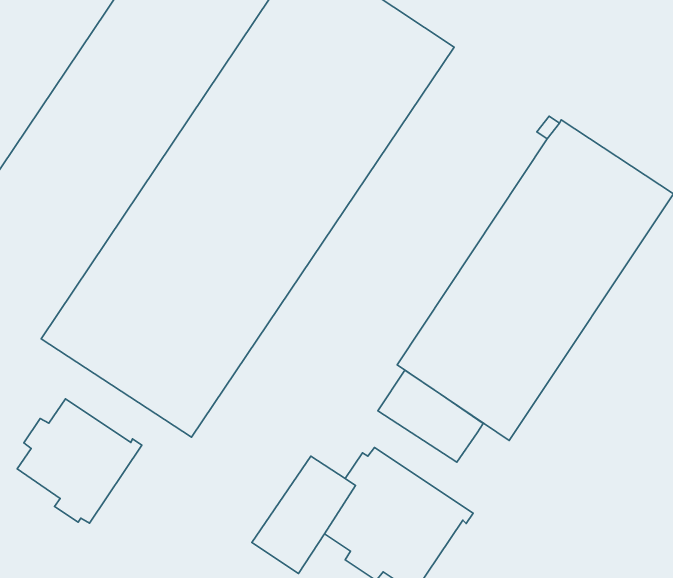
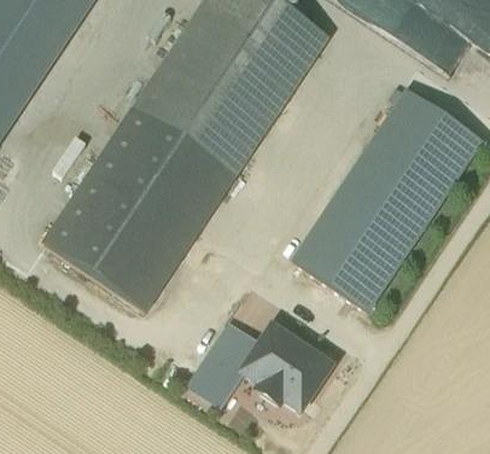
building: [378,370,483,462] -> none
building: [17,399,142,523] -> none

